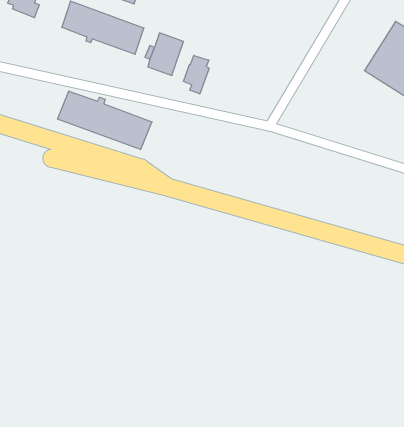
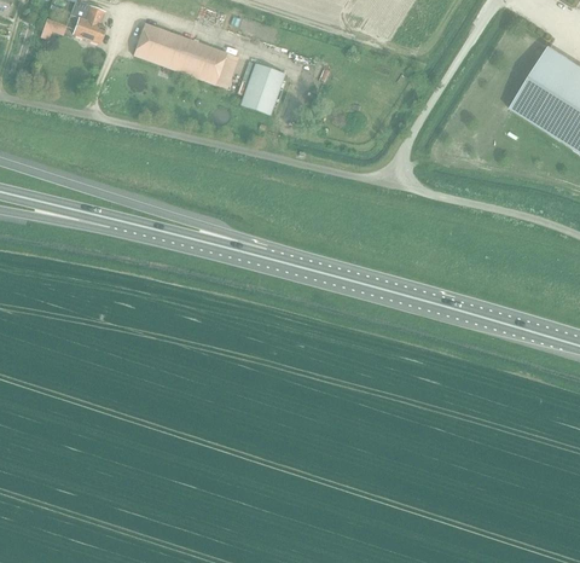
building: [184,55,209,94] -> none
building: [57,91,152,150] -> none

